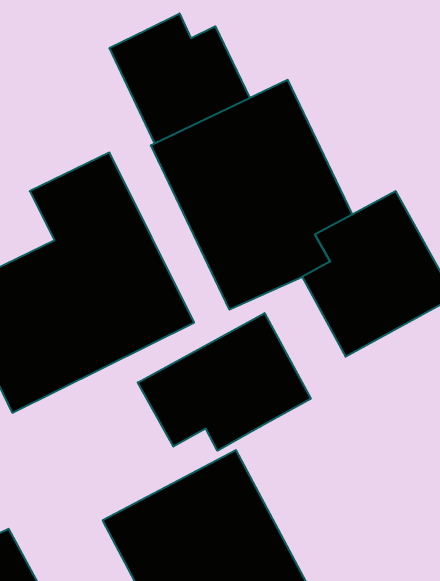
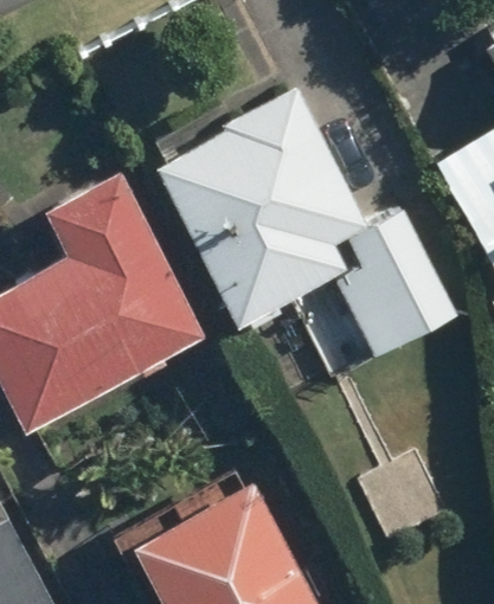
building: [110,13,250,144] -> none
building: [138,313,311,451] -> none

